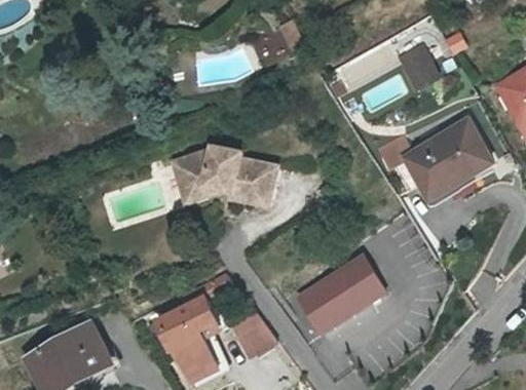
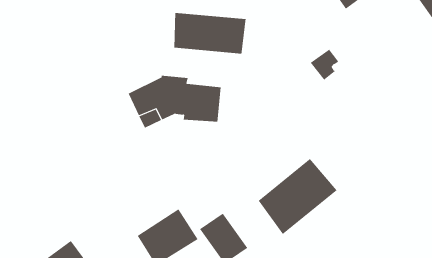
building: none -> [174,12,246,54]
building: [407,118,496,199] -> none

